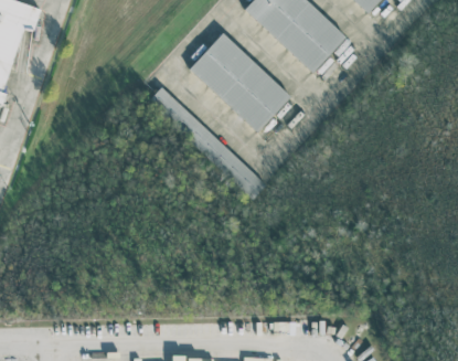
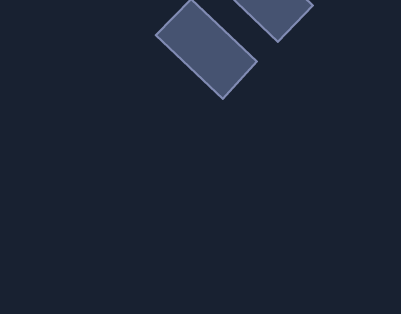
building: [149,86,267,198] -> none

